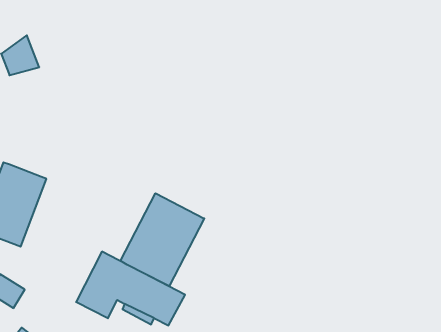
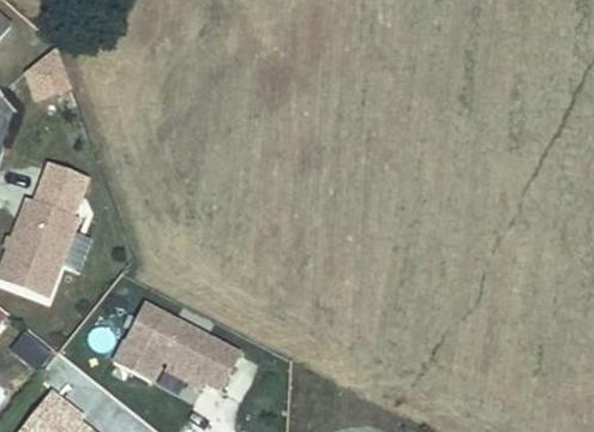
building: none -> [35,162,88,215]
building: [120,193,204,286] -> none

